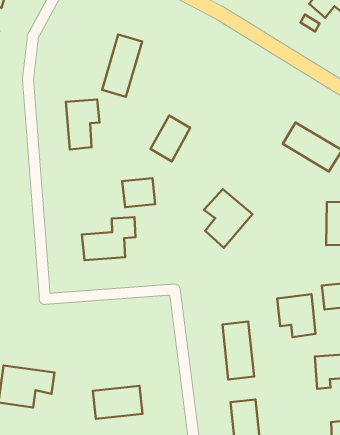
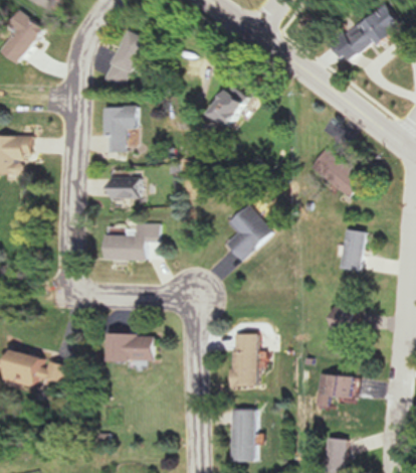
building: [102,35,142,97] -> [103,28,147,89]
building: [151,116,190,161] -> [212,84,252,128]
building: [122,178,155,207] -> [112,173,141,198]
building: [277,294,316,337] -> none
building: [93,386,142,419] -> [108,334,153,361]

